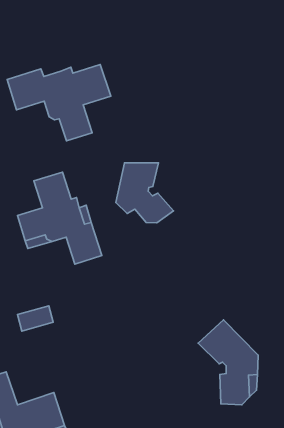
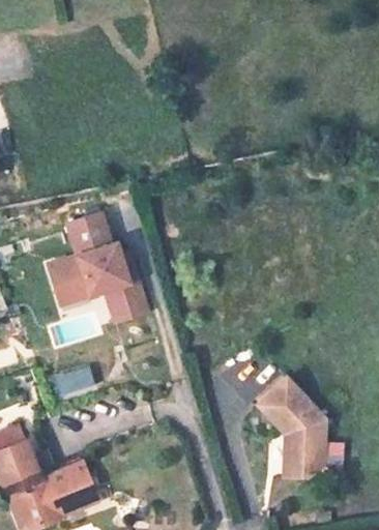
building: [7,65,111,141] -> none
building: [116,163,174,223] -> none

